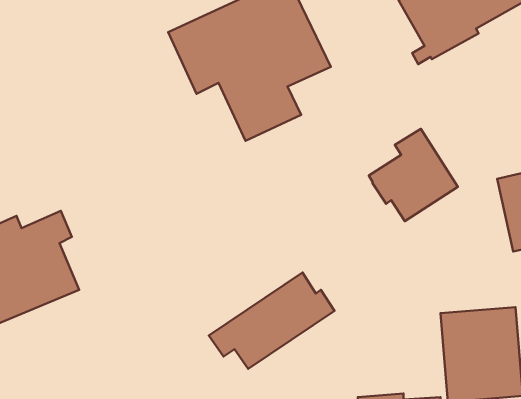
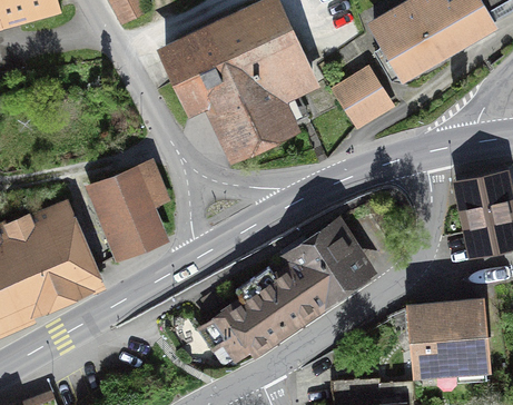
building: none -> [335,73,389,128]
building: [369,129,458,221] -> [284,221,364,305]
building: none -> [101,169,162,251]

